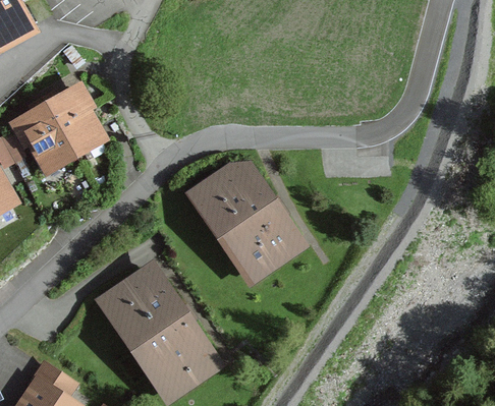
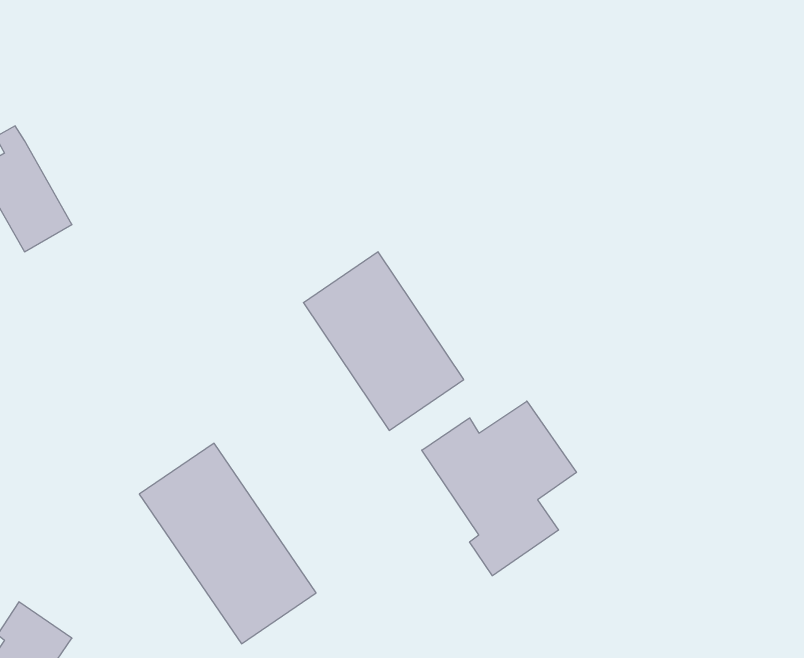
building: [43,90,101,154] -> none
building: none -> [422,401,576,576]

